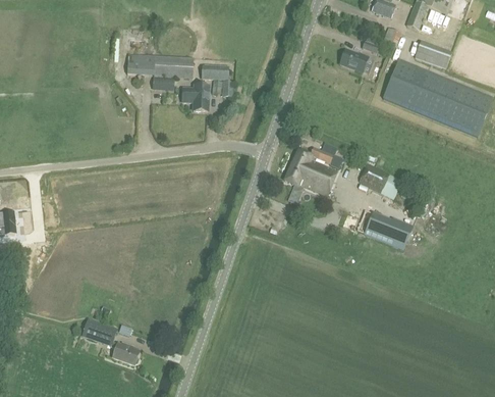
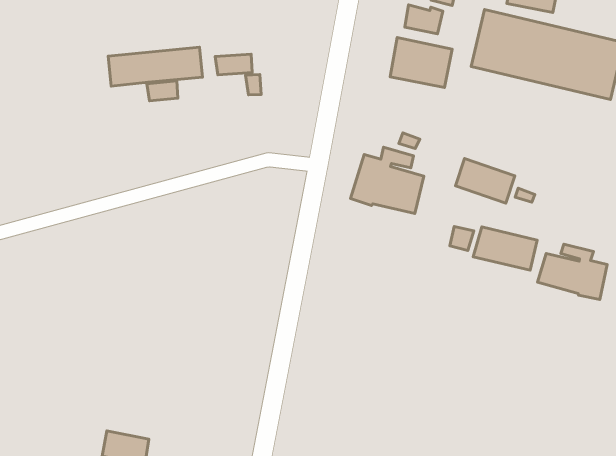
building: none -> [390,37,452,87]
building: [182,88,209,110] -> none
building: none -> [538,244,607,300]

